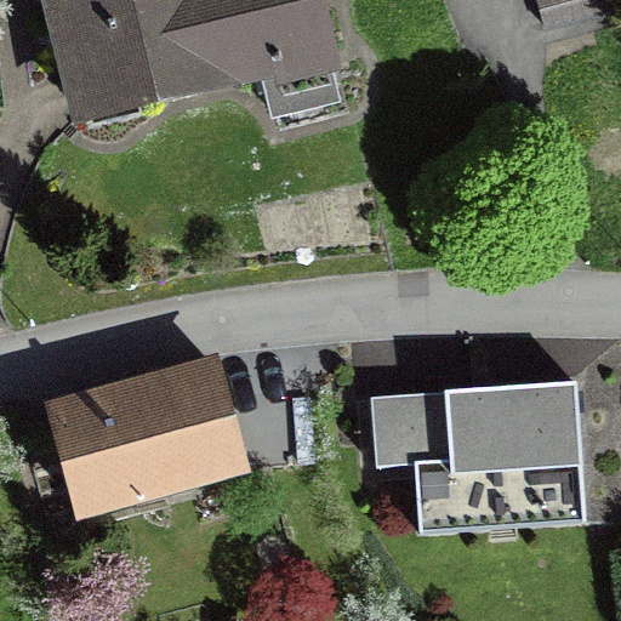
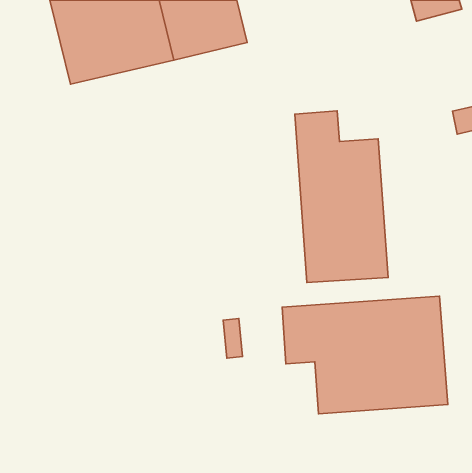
building: none -> [295,111,388,283]
building: [52,352,244,509] -> none

